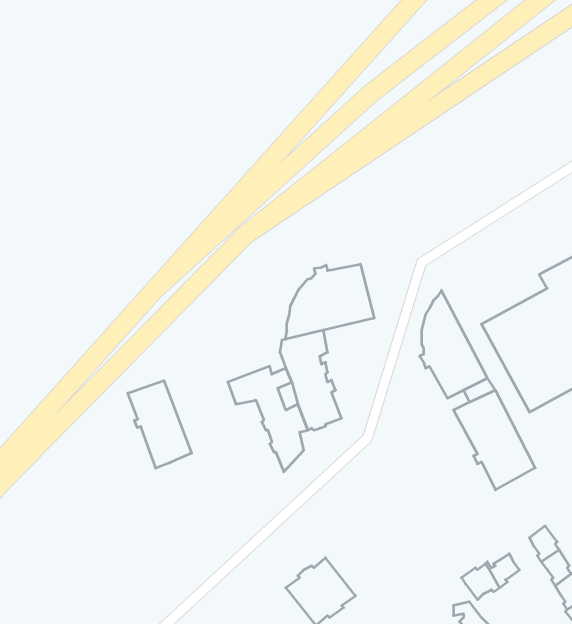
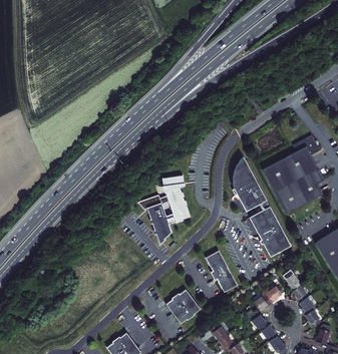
building: [286,264,374,339] -> none
building: [128,381,192,468] -> none
building: none -> [205,249,236,290]

